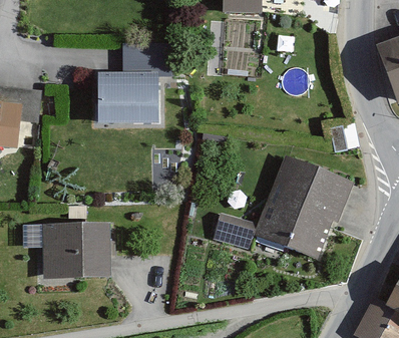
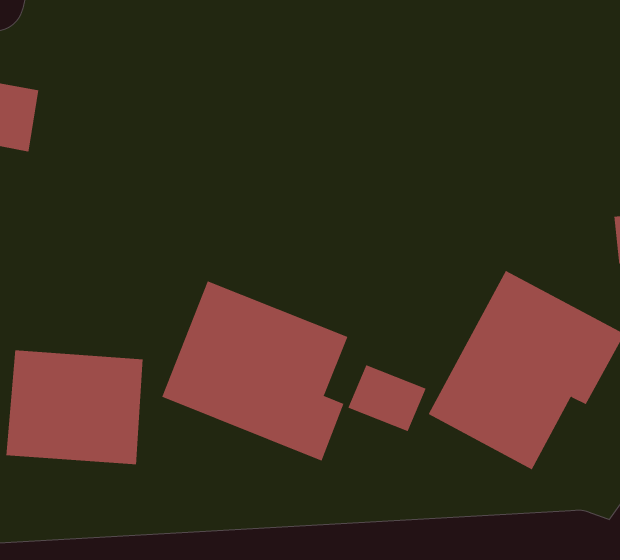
building: [96,44,171,122] -> none
building: none -> [161,280,348,461]

